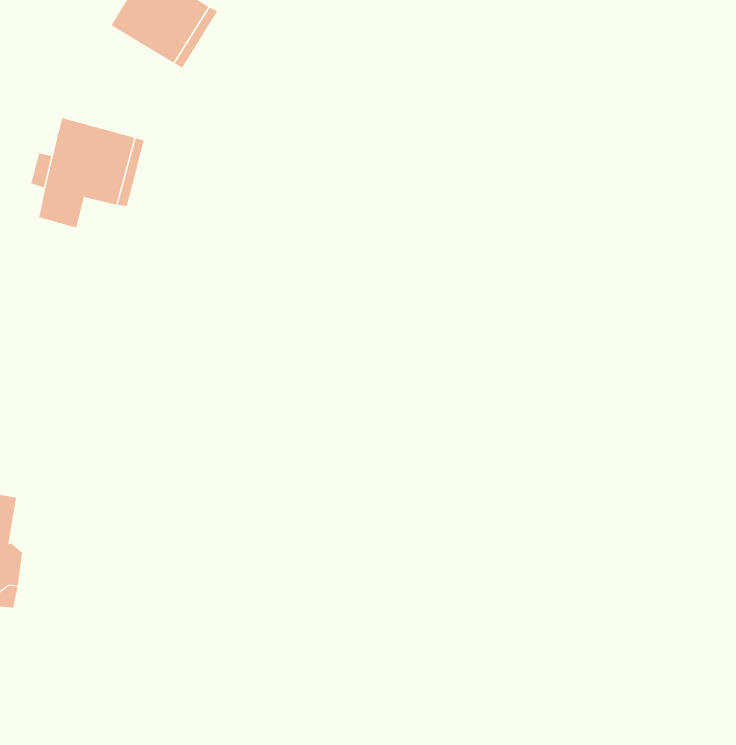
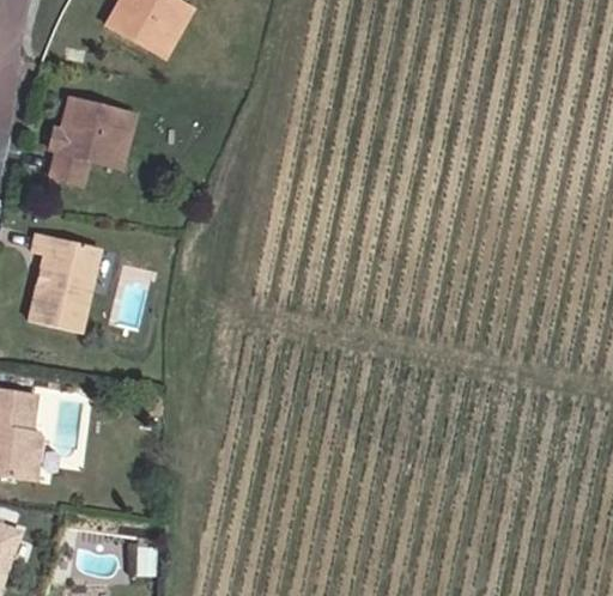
building: none -> [29,232,98,330]

